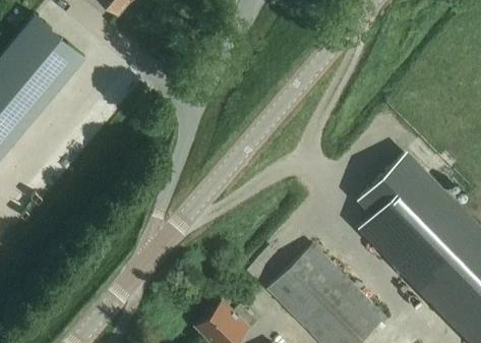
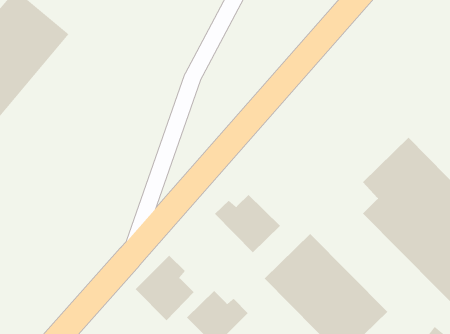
building: none -> [214,194,281,253]
building: none -> [135,255,194,321]

